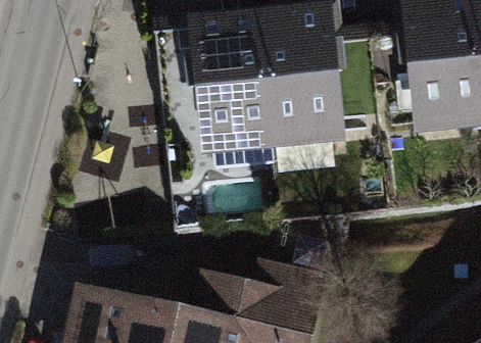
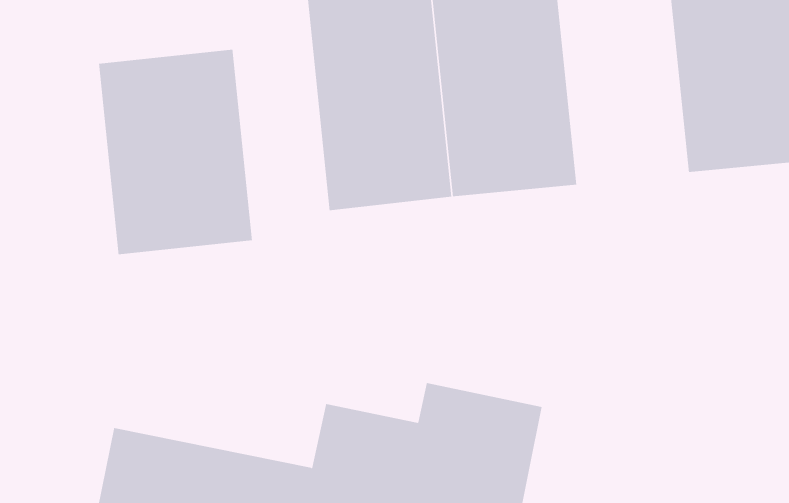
building: none -> [99,49,252,255]

